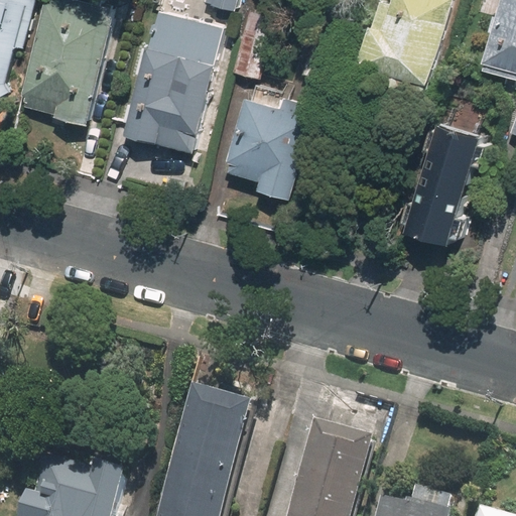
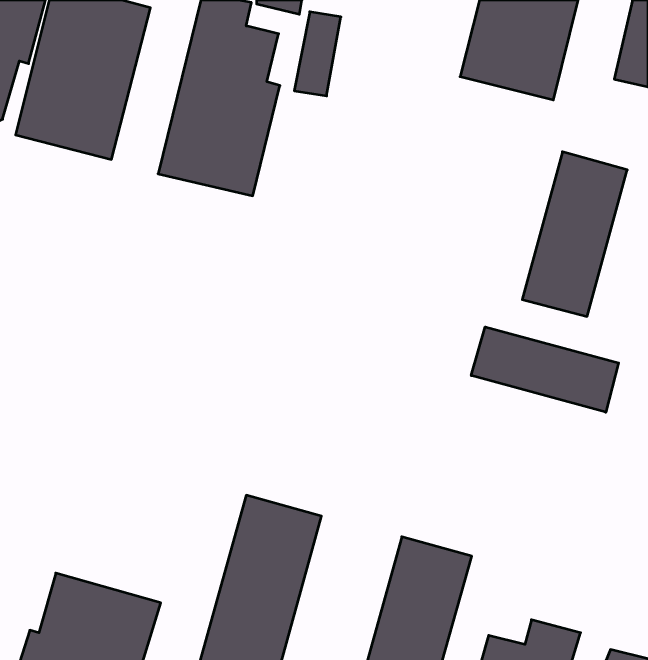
building: [225,92,313,201] -> none
building: none -> [471,327,619,412]

